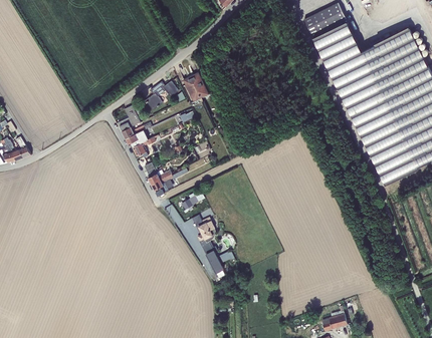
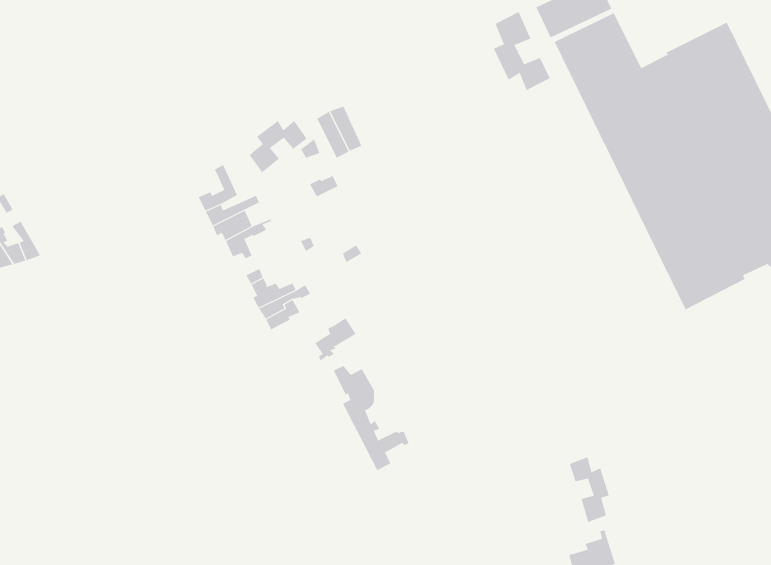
building: none -> [493,11,550,91]
building: none -> [569,457,610,523]

